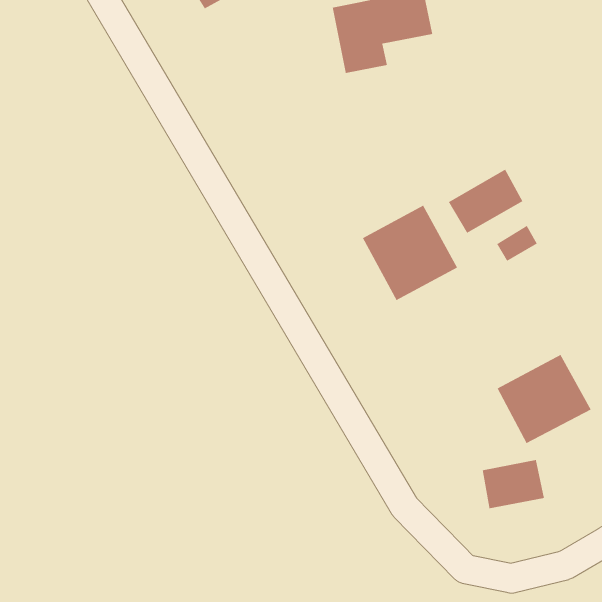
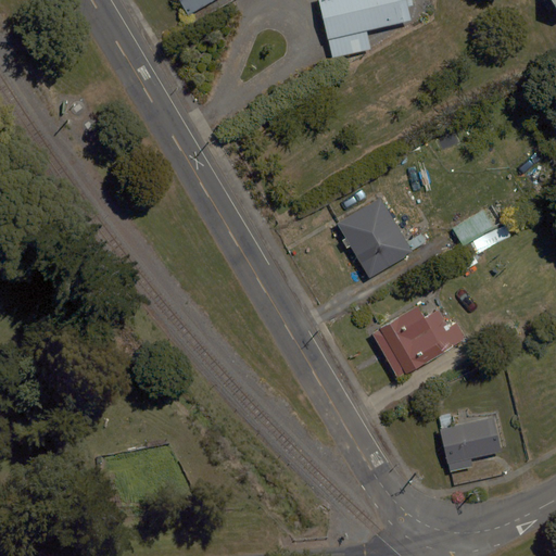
building: [448,169,523,234] -> none
building: [497,354,592,444] -> [369,295,456,378]

